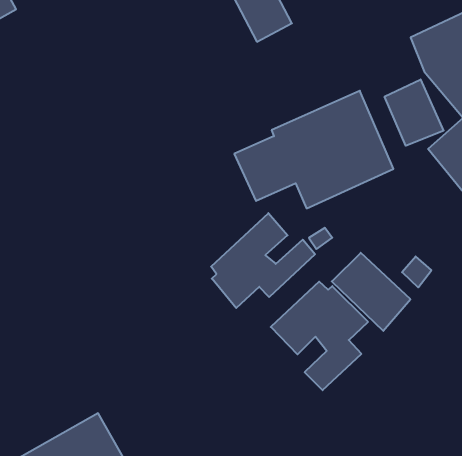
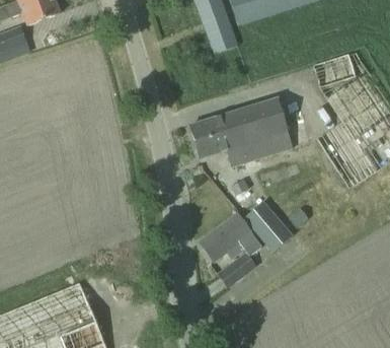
building: [385,79,444,146] -> none
building: [211,213,315,308] -> none

